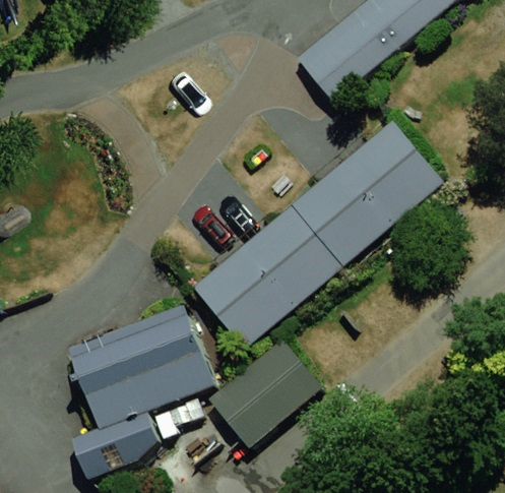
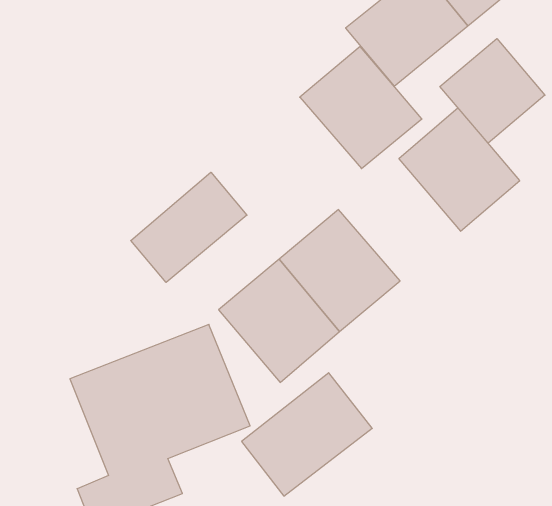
building: none -> [440,39,545,143]
building: [292,163,394,265] -> [300,46,422,169]
building: none -> [131,172,247,282]

